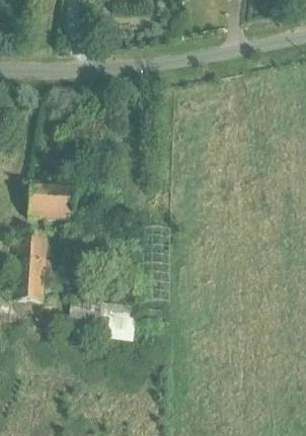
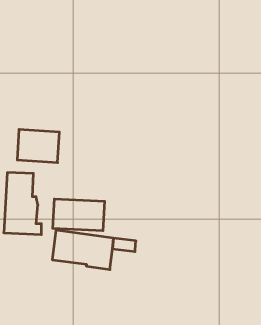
building: none -> [53,199,105,231]

